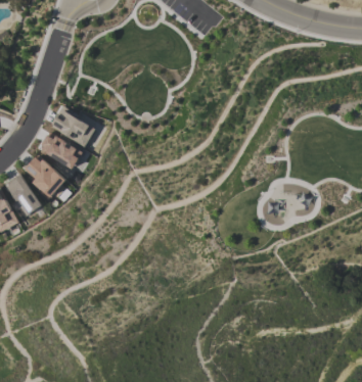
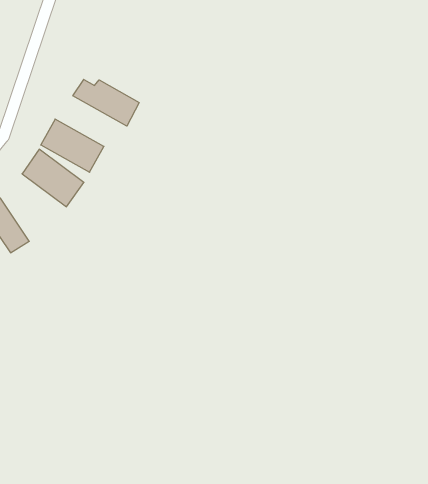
building: none -> [73,79,139,126]
building: [26,160,65,200] -> none

